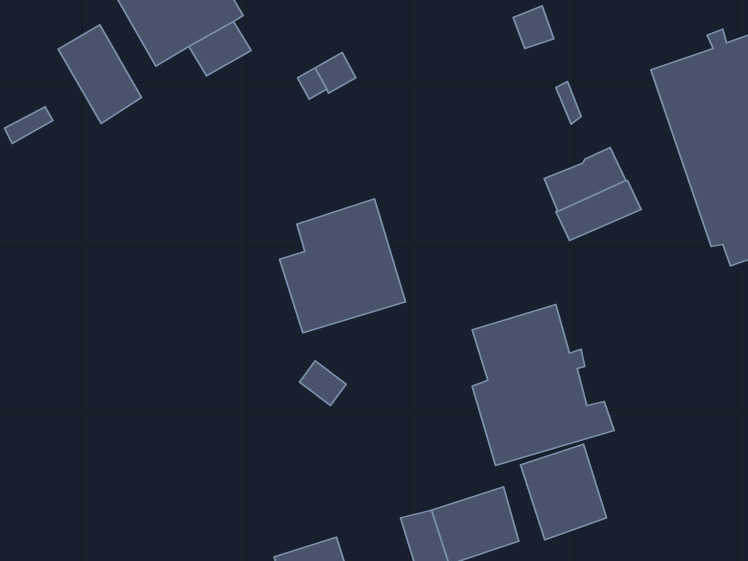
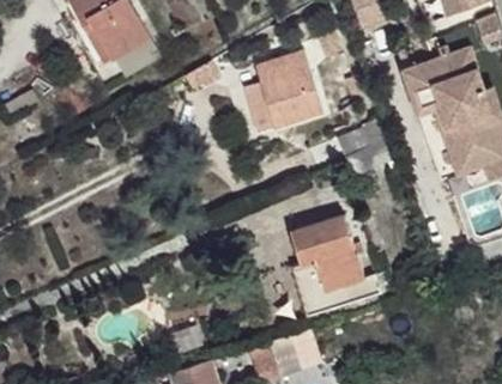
building: [58,25,141,124] -> none
building: [279,199,406,333] -> [244,50,322,133]
building: [520,444,607,540] -> none

